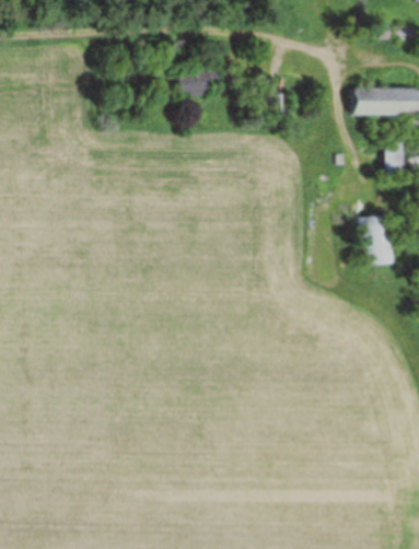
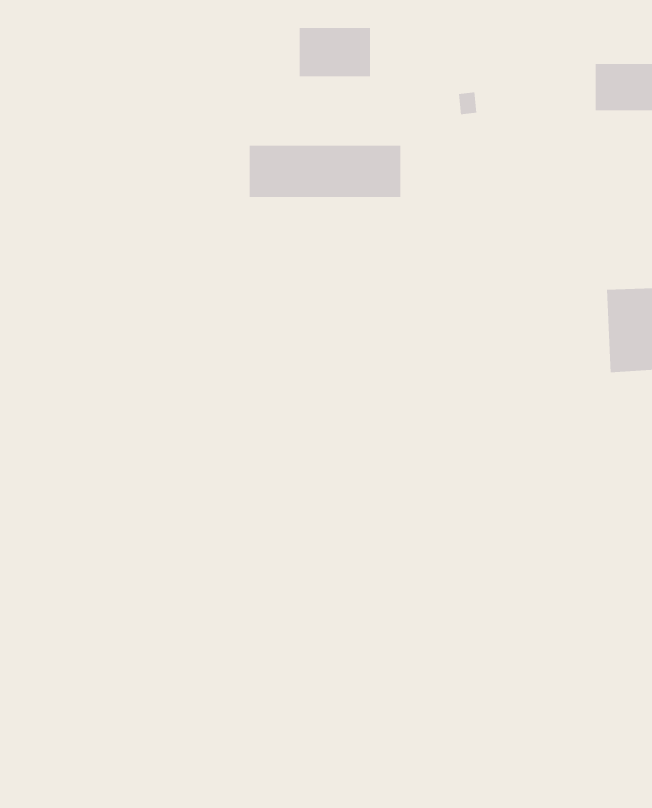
building: none -> [249,145,401,198]

